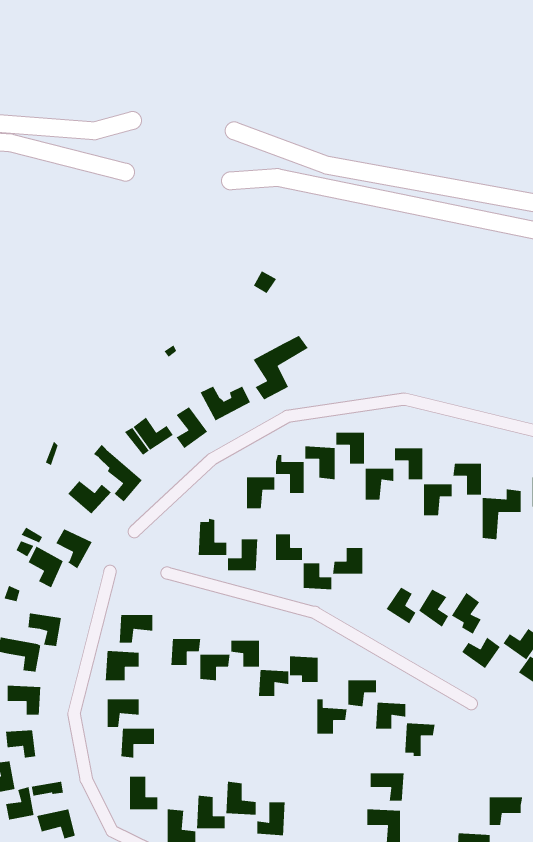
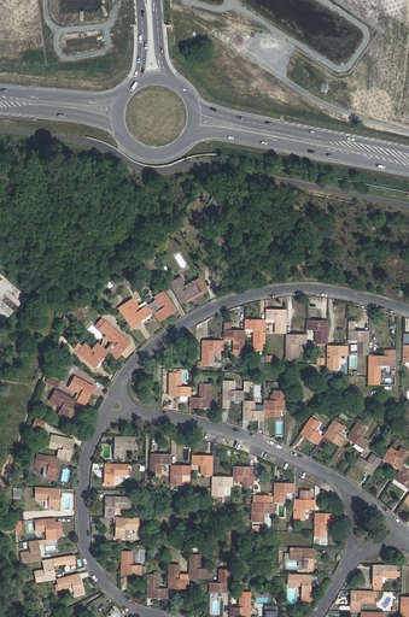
building: [252,335,309,400] -> none

